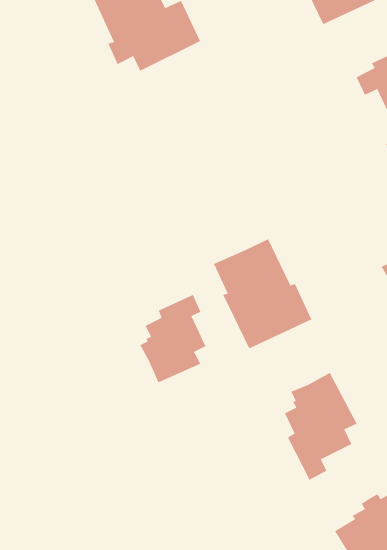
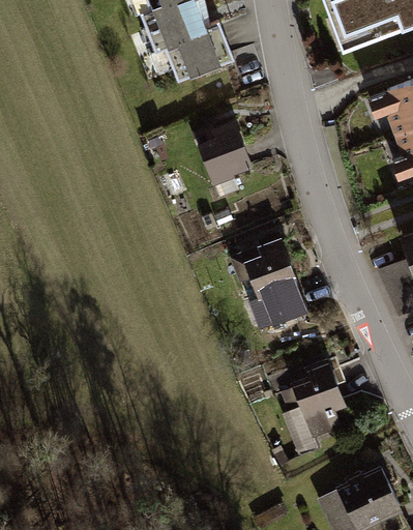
building: none -> [193,121,254,186]
building: [140,294,206,383] -> none

